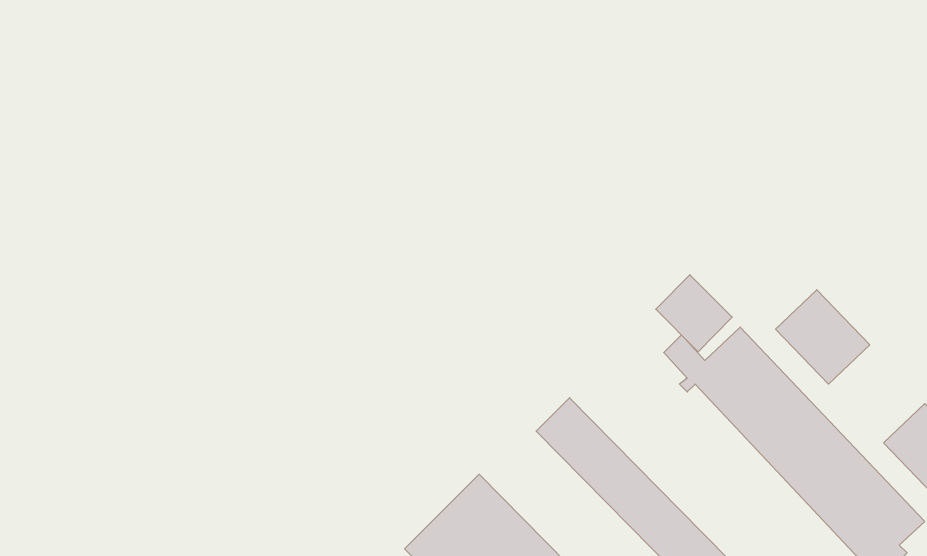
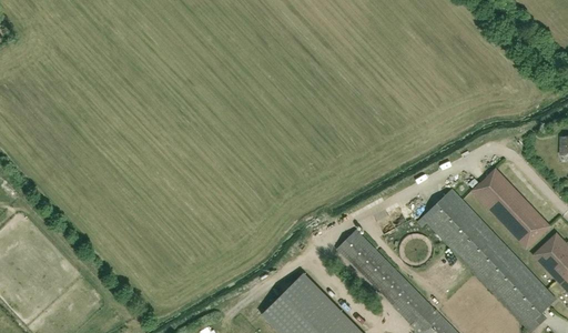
building: [656,275,732,352] -> none
building: none -> [501,199,550,249]

